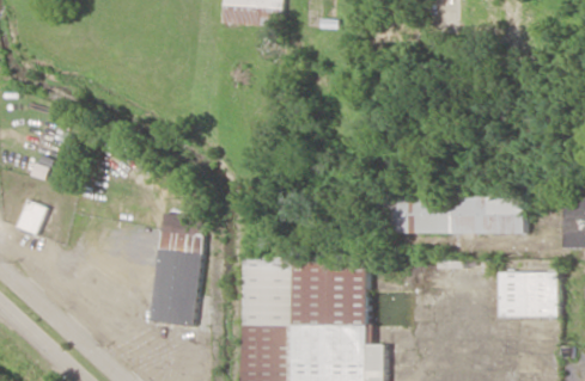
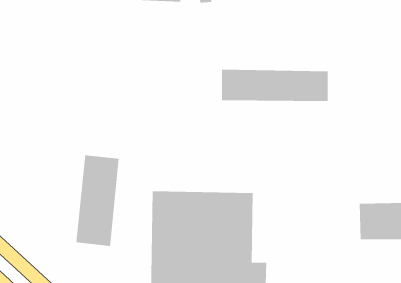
building: [392,195,524,234] -> [221,69,329,102]

